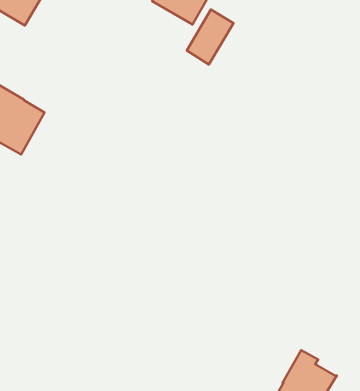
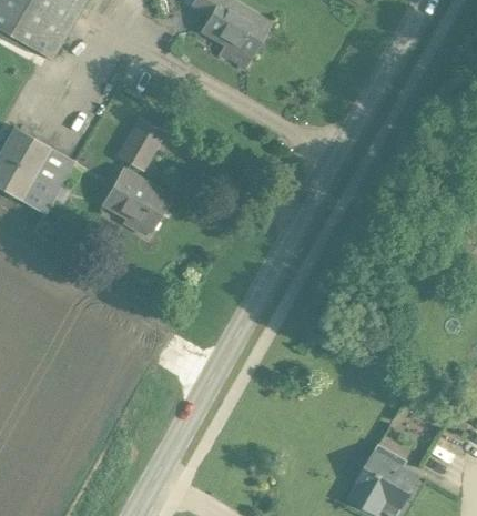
building: [187,10,234,64] -> none
building: none -> [102,120,170,236]

